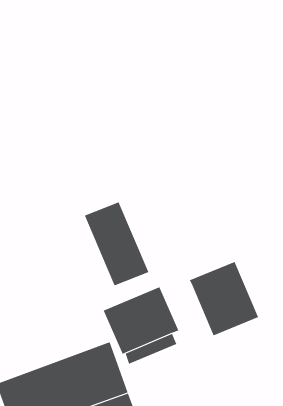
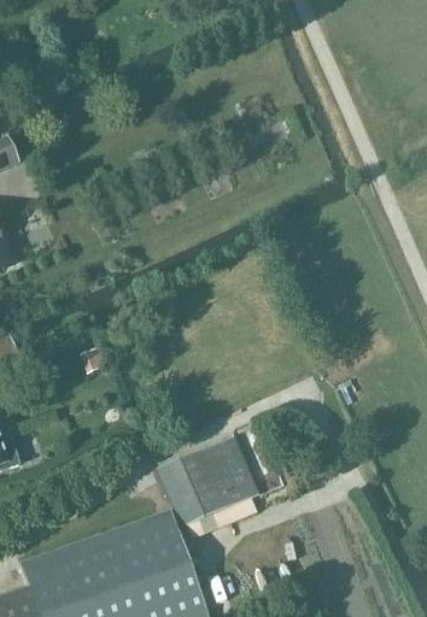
building: [84,201,149,286] -> none
building: [189,261,259,336] -> none

